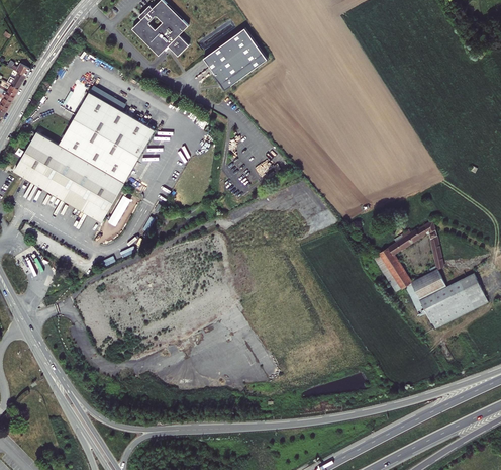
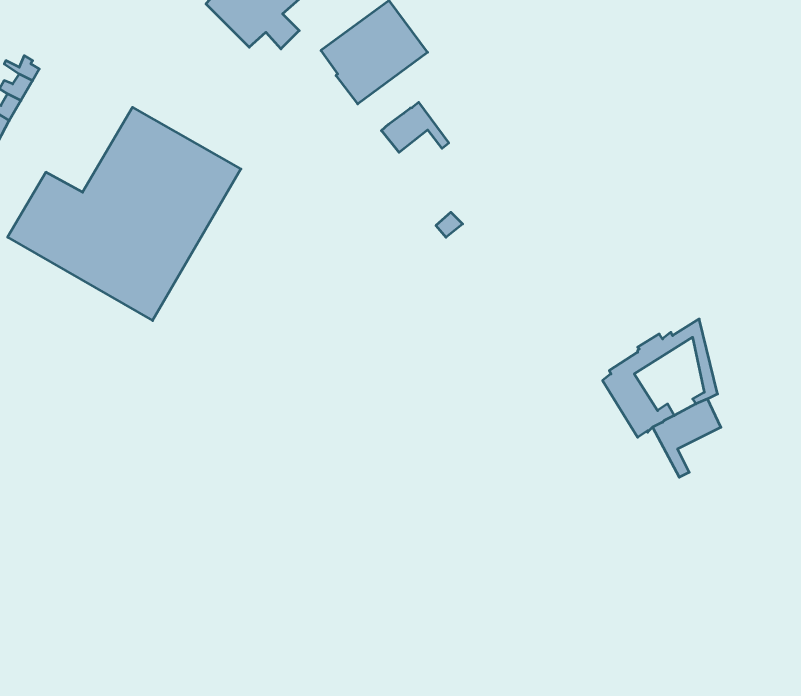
building: none -> [381,102,449,152]
building: [419,272,488,328] -> none

